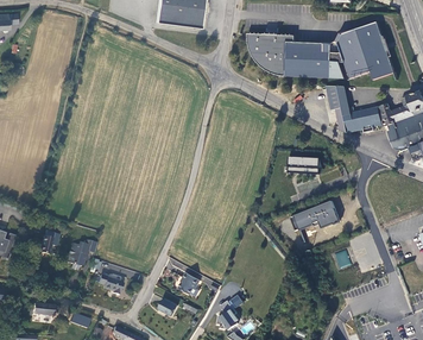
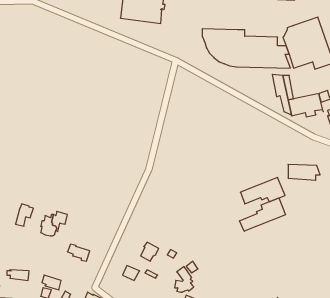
building: [288,156,323,174] -> [288,164,320,180]
building: none -> [240,198,285,231]

